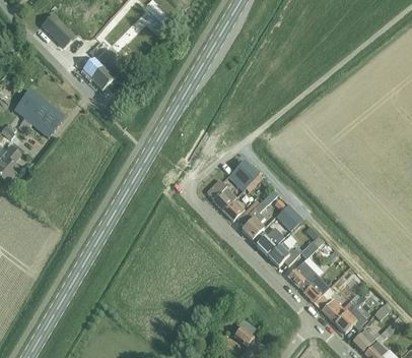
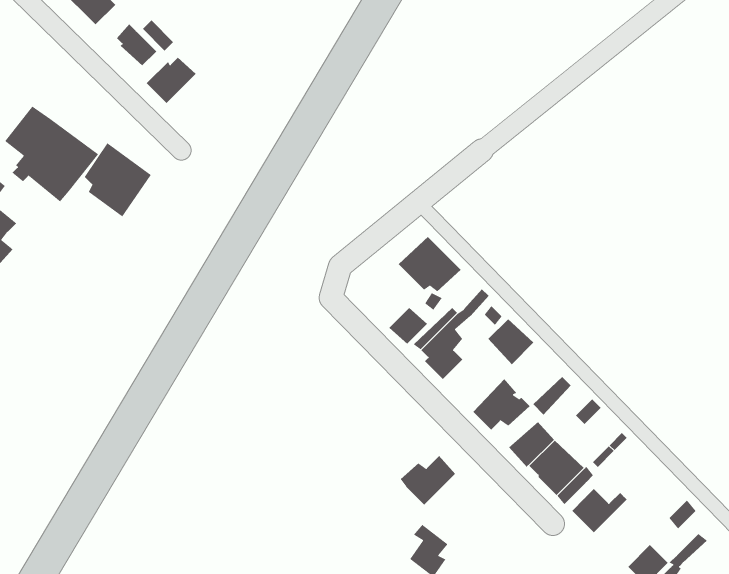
building: none -> [84,142,152,217]
building: [207,179,237,211] -> none
building: [254,227,284,254] -> [400,455,456,505]
building: [335,294,367,333] -> none

